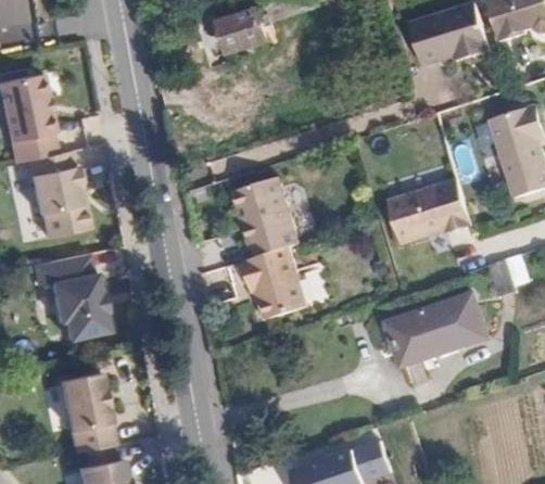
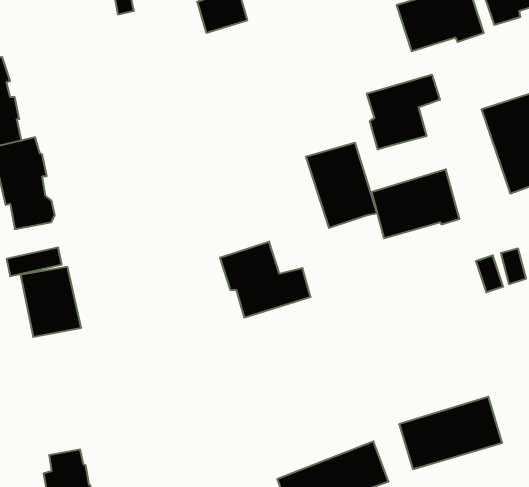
building: none -> [367,75,440,150]
building: [230,178,297,258] -> [306,143,377,228]
building: [383,295,481,364] -> [399,397,502,469]
building: [56,371,111,449] -> none

